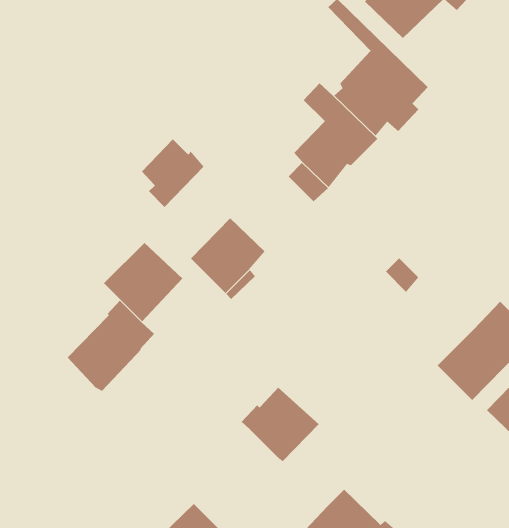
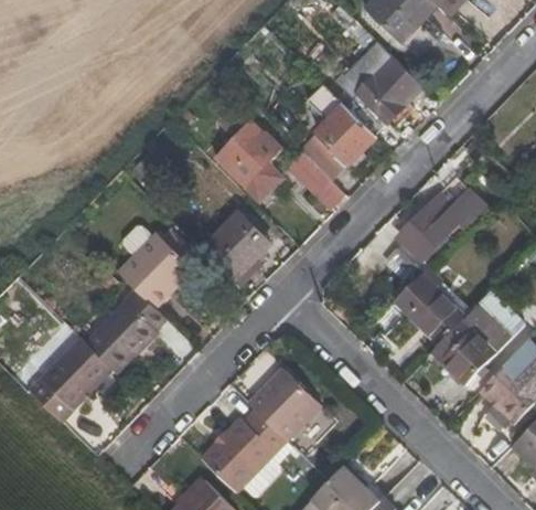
building: [141,138,205,208] -> [222,121,281,187]
building: none -> [400,188,489,263]
building: none -> [388,266,467,349]
building: none -> [28,338,111,424]
building: none -> [202,410,283,490]

